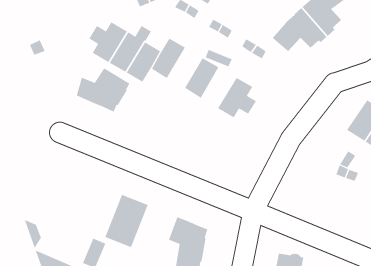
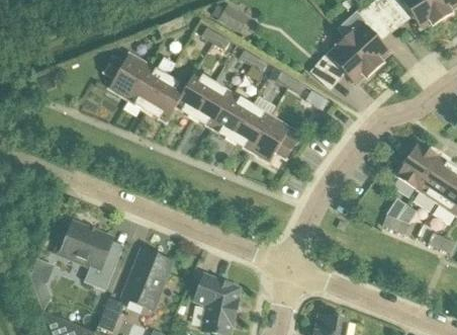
building: none -> [193,82,233,128]
building: none -> [232,104,271,151]
building: [76,68,130,113] -> none
building: none -> [54,220,115,289]

